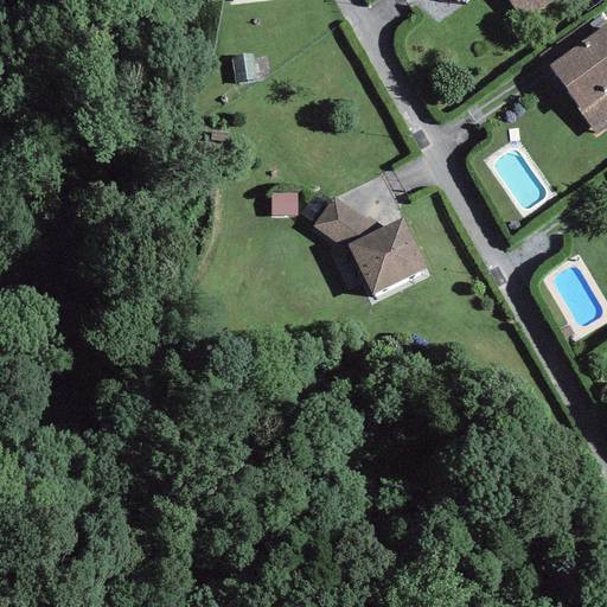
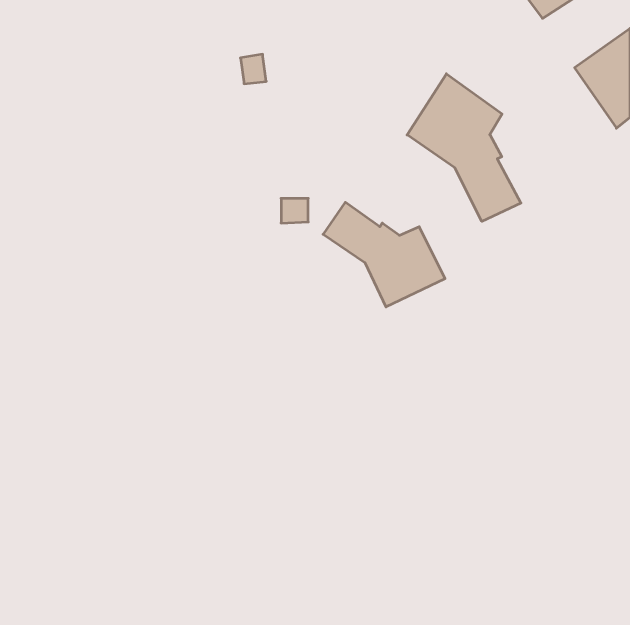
building: none -> [407,74,521,221]

